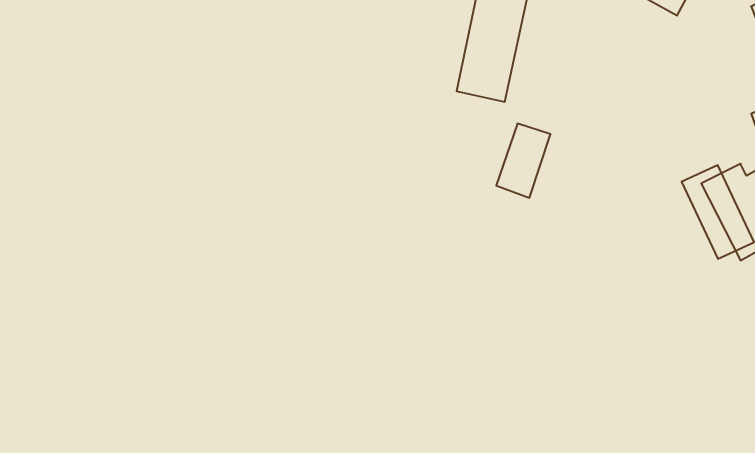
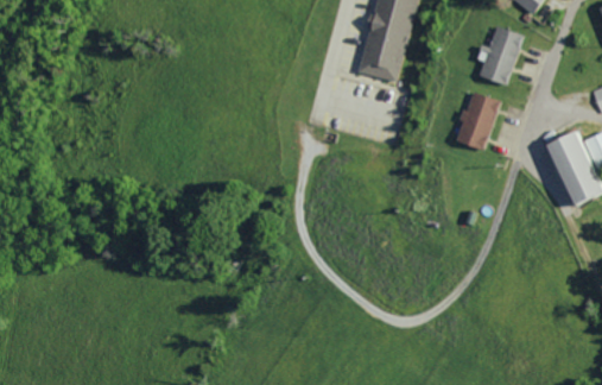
building: none -> [479,26,521,84]
building: [496,124,551,198] -> [455,91,498,150]

